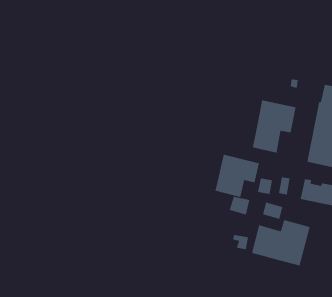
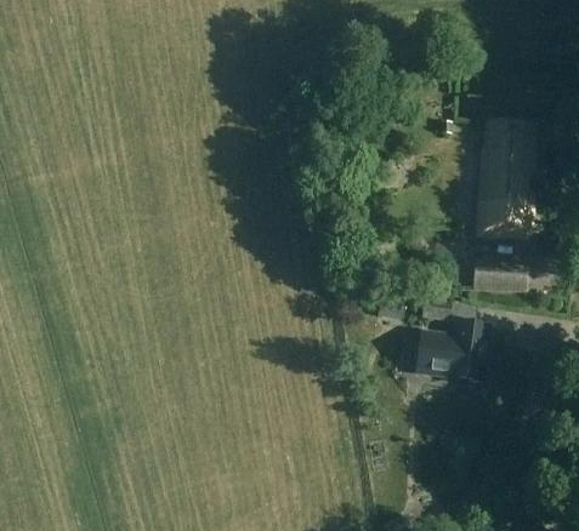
building: [252,99,296,153] -> none
building: [215,154,260,198] -> none

